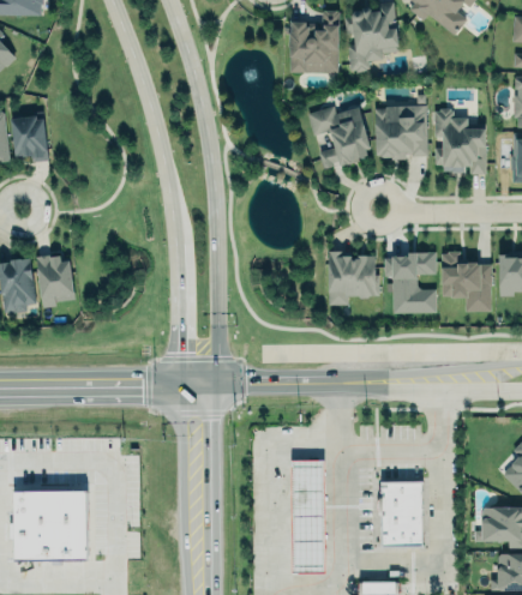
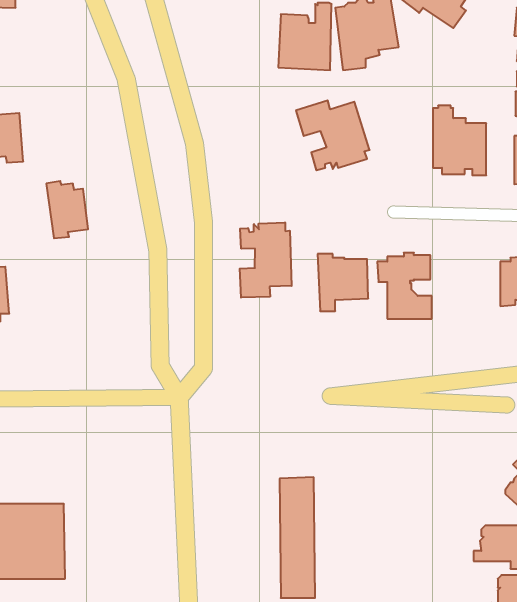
building: [376,94,428,160] -> none
building: none -> [240,222,292,298]
building: [443,251,492,313] -> none
building: [36,254,76,308] -> [46,181,88,238]
building: [382,479,424,545] -> none

